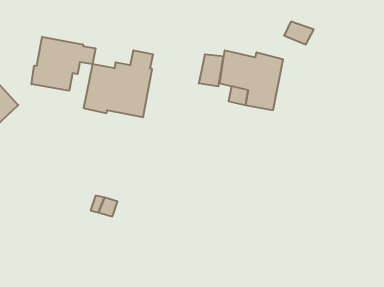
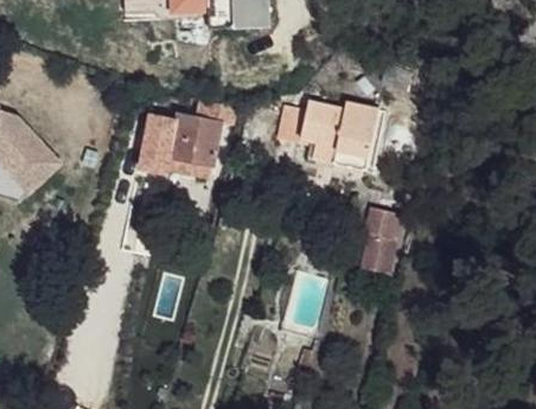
building: [31,37,95,91] -> none
building: none -> [362,206,394,271]

